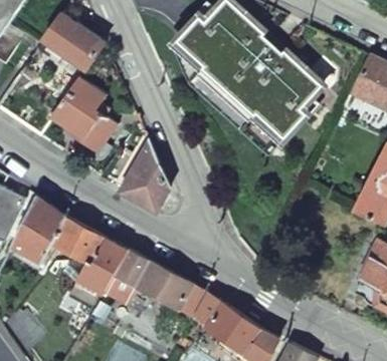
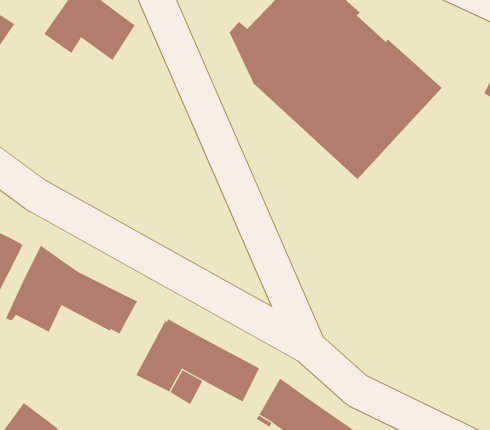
building: [53,77,119,152] -> none
building: [122,142,170,209] -> none
building: [78,239,125,296] -> none

